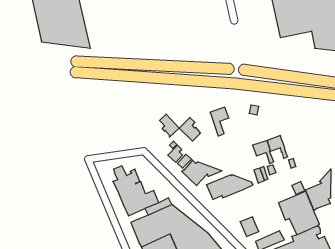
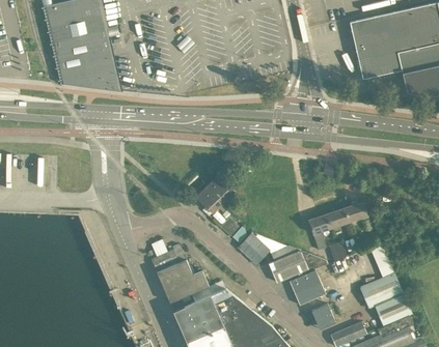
building: [210,107,229,136] -> [307,213,331,250]
building: [179,117,201,141] -> [195,182,222,212]
building: [305,169,331,210] -> none
building: none -> [287,269,325,305]

